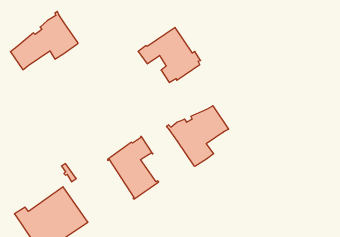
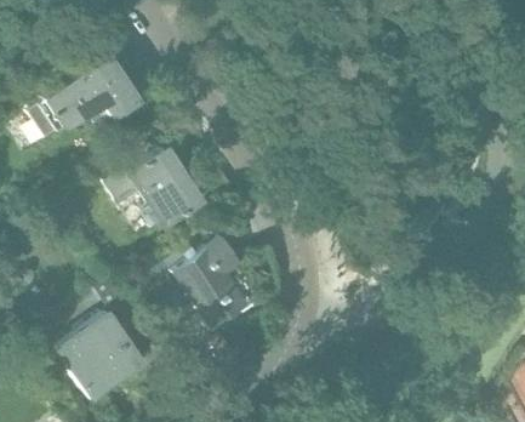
building: [138,27,201,83] -> [110,147,202,228]
building: [167,106,229,166] -> none

